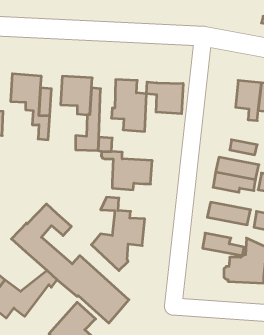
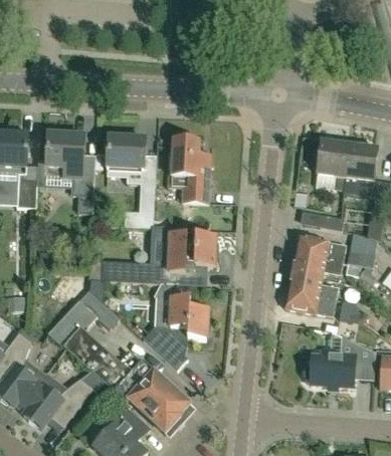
building: [146,82,183,114] -> none
building: none -> [104,261,207,284]
building: [203,233,244,256] -> [287,269,338,296]

